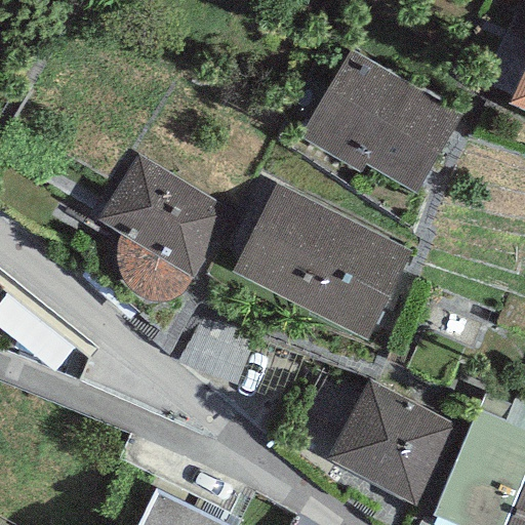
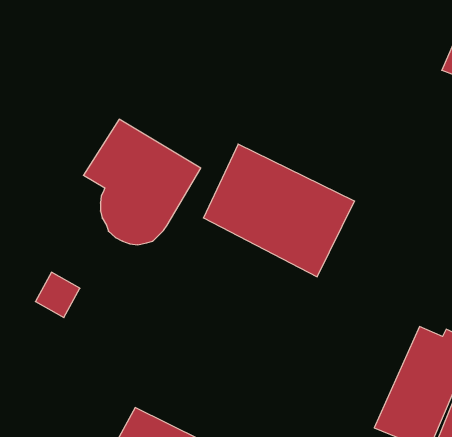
building: [300,50,461,190] -> none
building: [327,379,456,506] -> none

